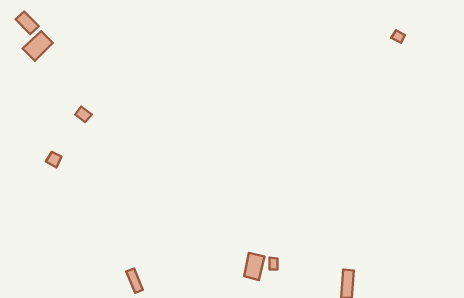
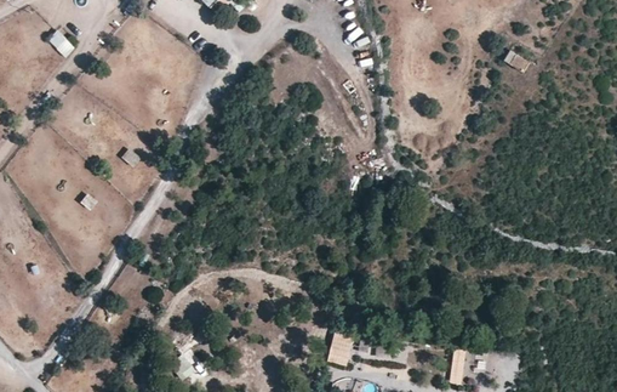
building: [22,31,53,61] -> none

